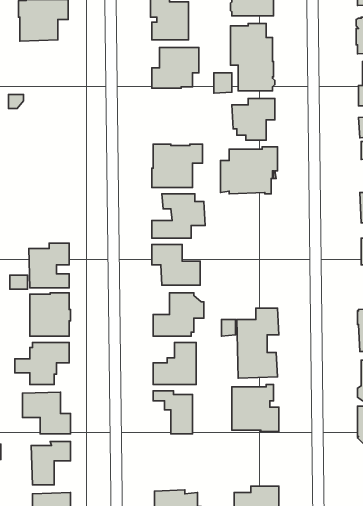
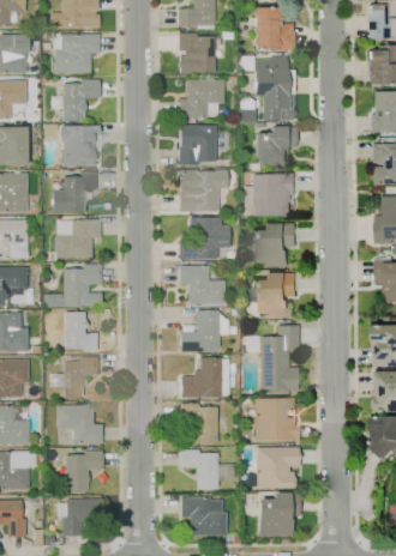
building: none -> [62,79,98,120]
building: none -> [60,125,101,165]
building: none -> [178,125,216,165]
building: none -> [52,173,100,213]
building: none -> [55,219,100,258]
building: none -> [247,224,298,267]
building: none -> [248,274,298,316]
building: none -> [247,447,299,489]
building: none -> [180,449,234,490]

